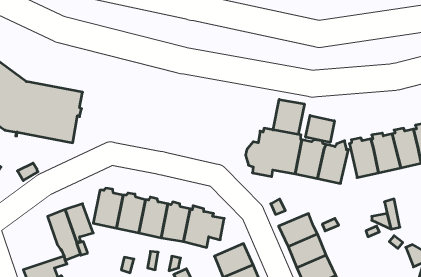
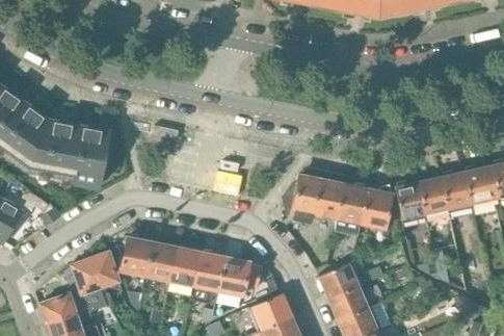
building: [273,99,304,134] -> none
building: [306,115,334,142] -> none
building: none -> [39,293,89,322]

